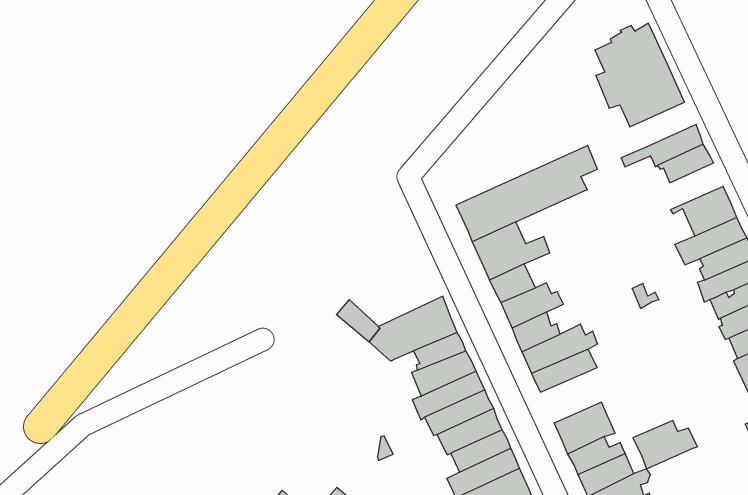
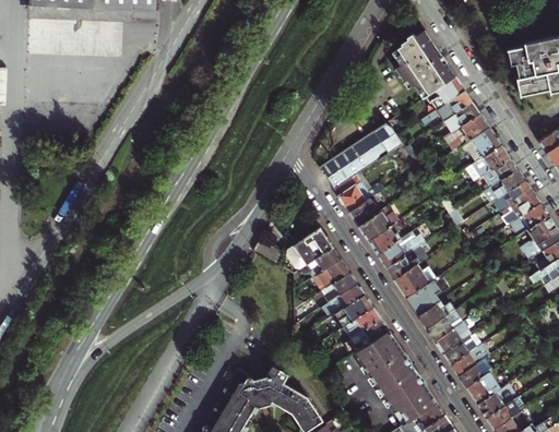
building: none -> [420,76,465,109]
building: none -> [447,112,489,148]
building: [633,421,697,469] -> [393,263,436,297]

